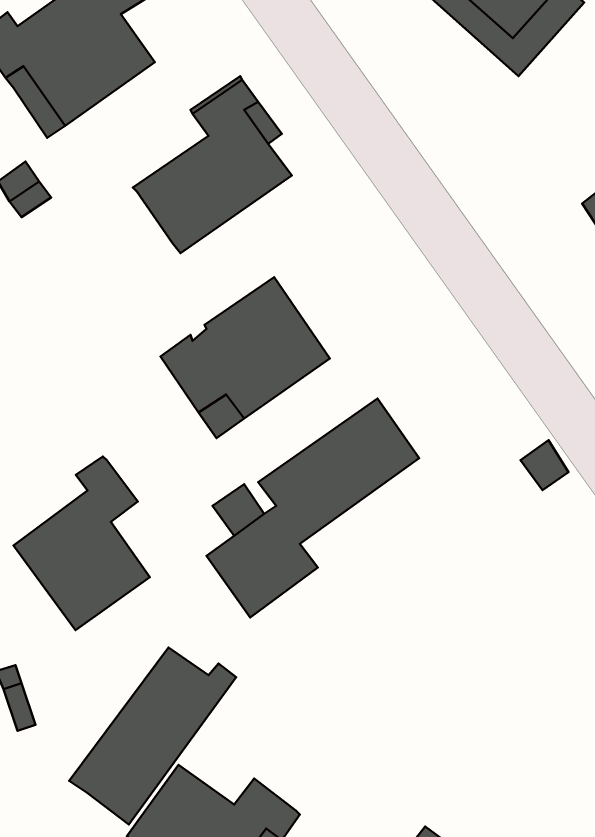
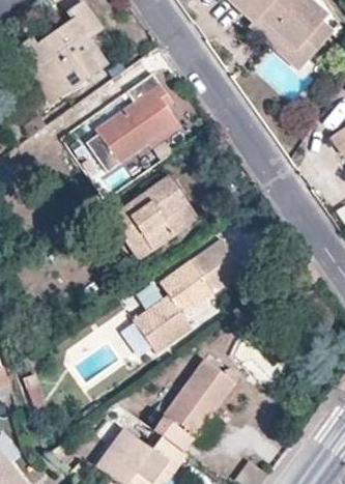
building: none -> [75,130,117,173]
building: [13,456,150,630] -> none
building: [69,647,236,825] -> [150,360,237,452]

